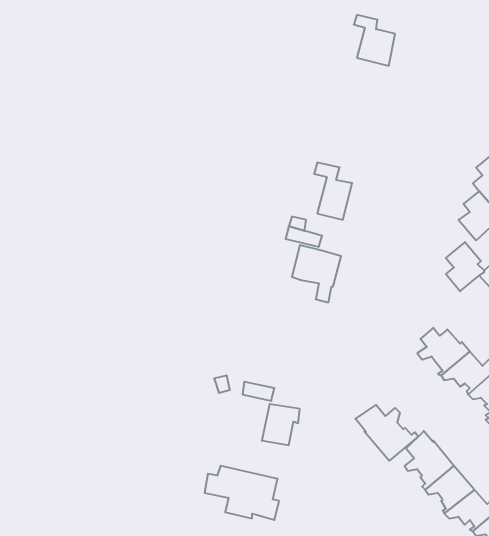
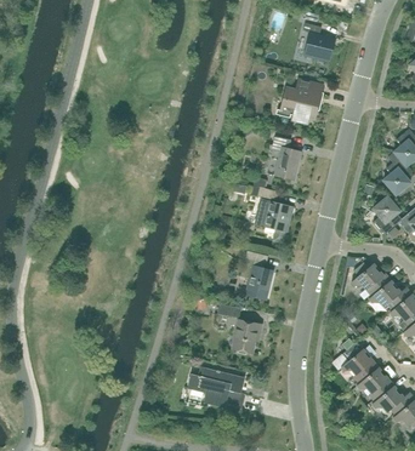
building: none -> [282,79,323,125]
building: none -> [240,251,273,298]
building: [355,405,418,461] -> none

